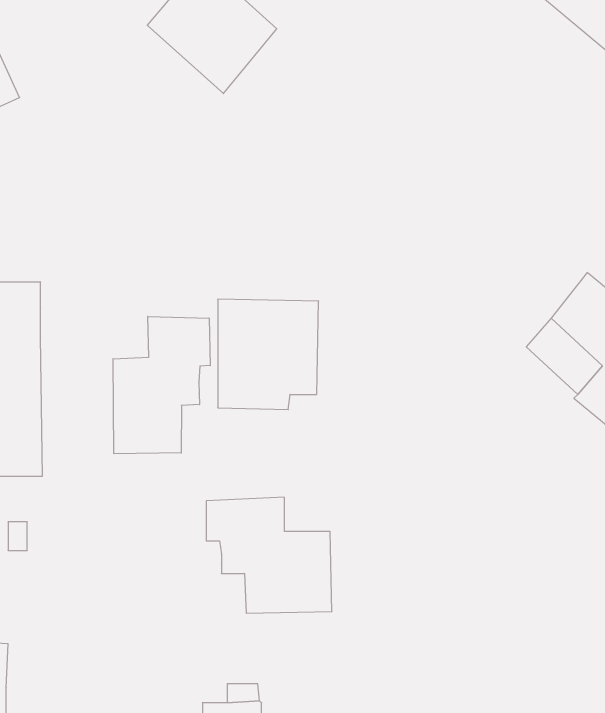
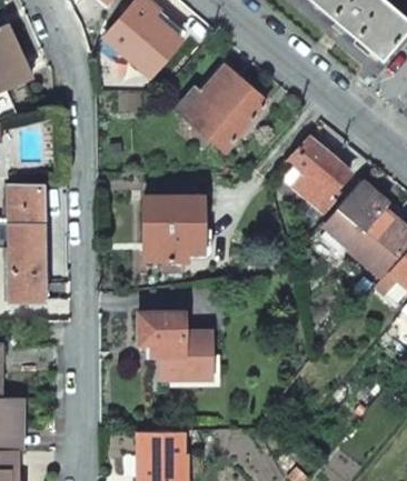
building: none -> [179,66,268,149]
building: none -> [289,136,350,211]
building: [113,316,210,454] -> none

